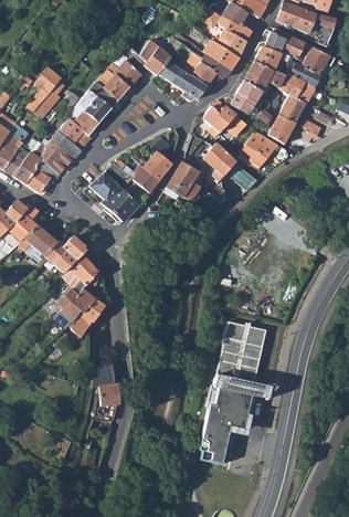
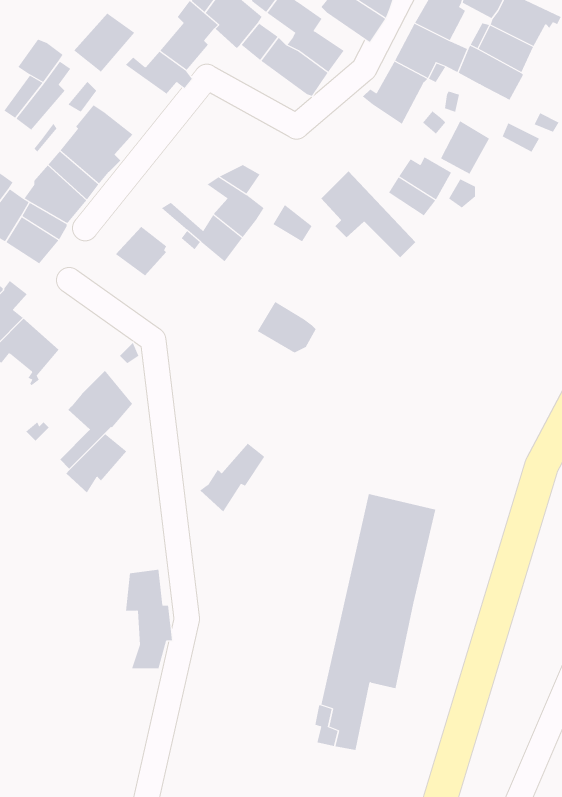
building: [83,89,117,123] -> [73,13,135,73]
building: [279,95,307,125] -> none
building: [202,99,245,144] -> none
building: [166,172,199,201] -> [257,301,317,353]
building: [103,188,139,222] -> none
building: [45,238,85,273] -> none
building: [68,298,105,337] -> [200,443,265,513]

